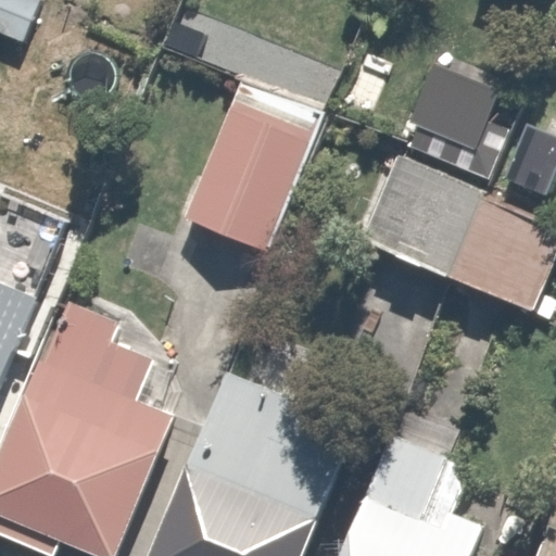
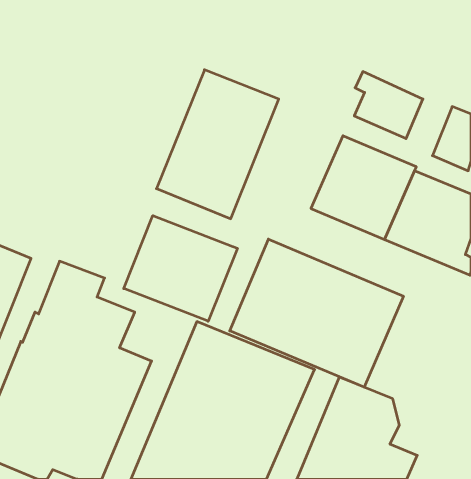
building: none -> [124,216,237,321]
building: none -> [230,239,403,387]

